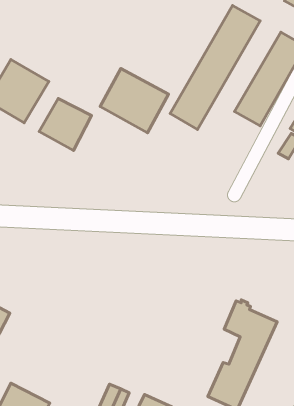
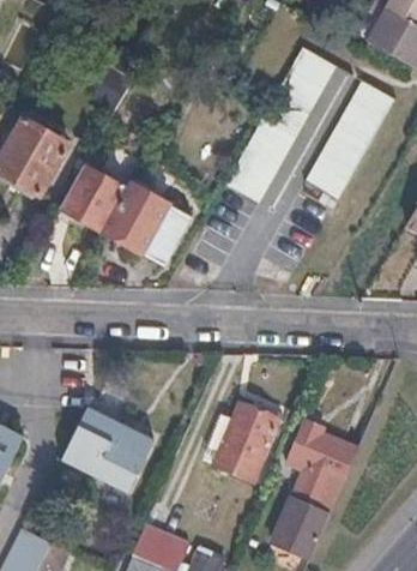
building: [100,69,168,133] -> [103,182,189,264]
building: none -> [214,403,279,481]
building: none -> [60,407,152,491]

